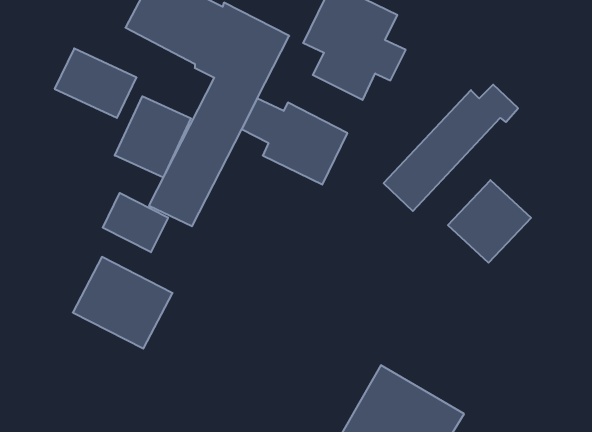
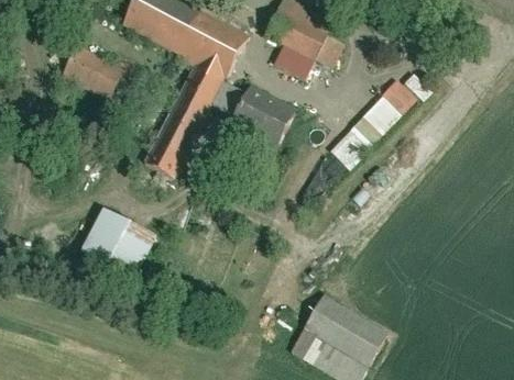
building: [115,96,191,178] -> none
building: [448,180,531,263] -> none
building: [103,193,168,252] -> none

